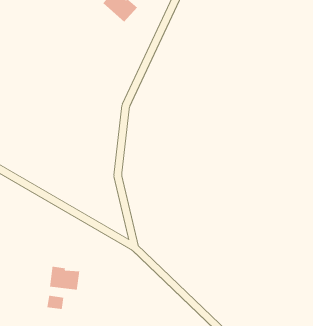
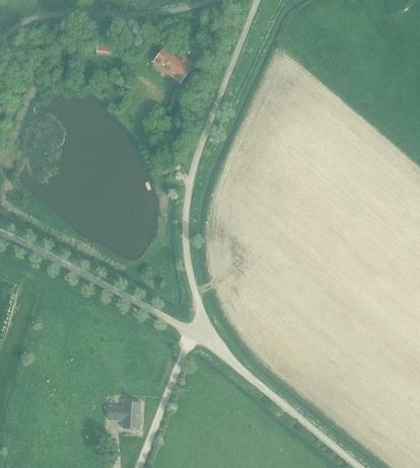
building: [50,266,80,291] -> none

